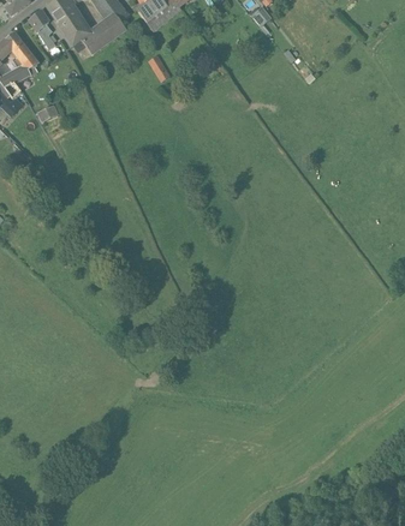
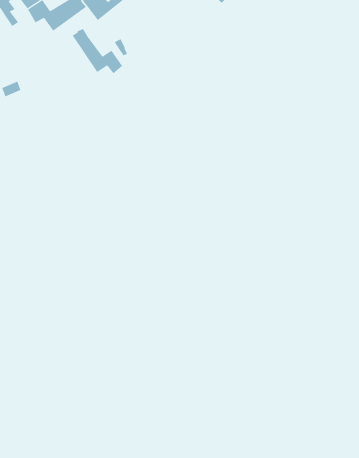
building: none -> [72,28,123,74]

